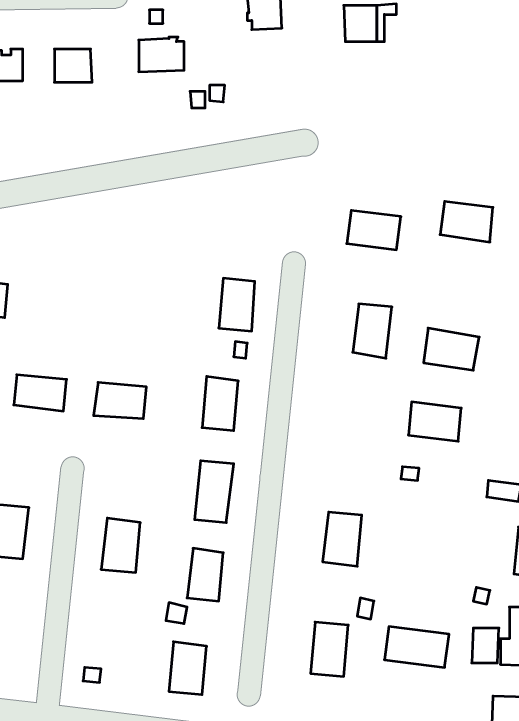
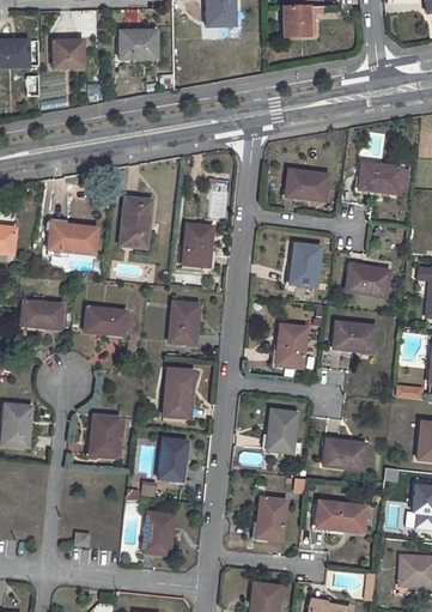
building: none -> [121,196,152,247]
building: none -> [48,222,97,253]
building: none -> [275,323,306,366]
building: none -> [323,438,365,469]

